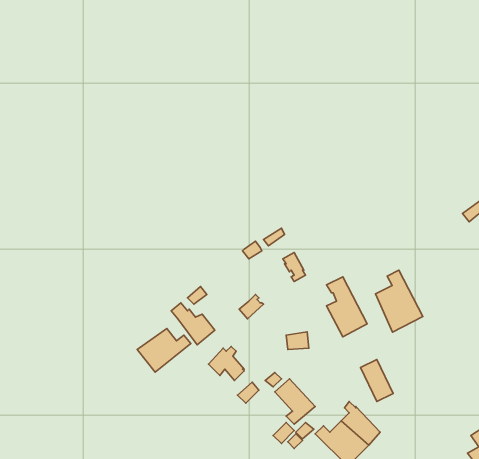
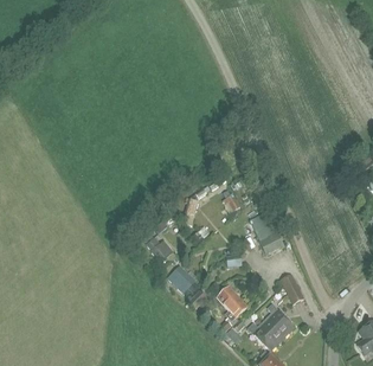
building: [376,270,423,332] -> none
building: [137,329,191,372] -> none

